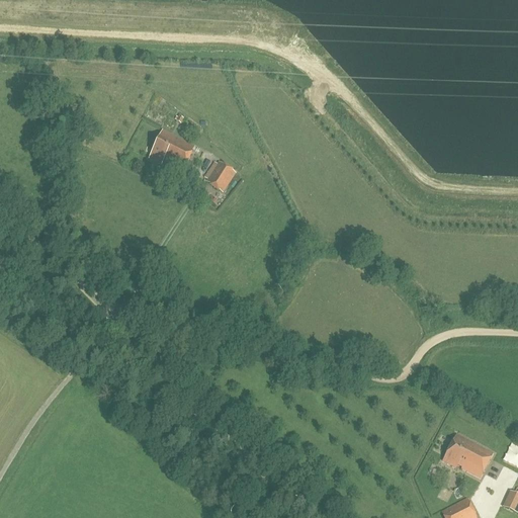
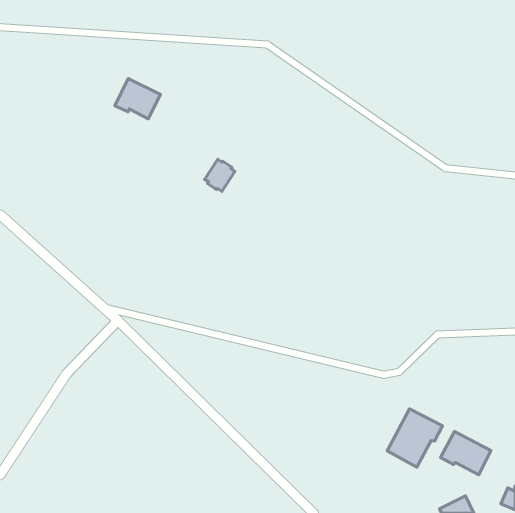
building: [149,130,194,170] -> [115,79,160,119]
building: none -> [387,409,443,467]

